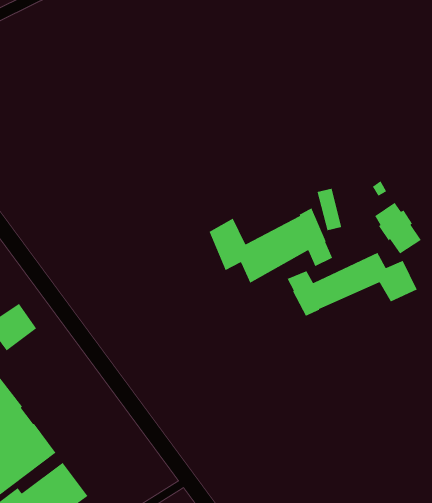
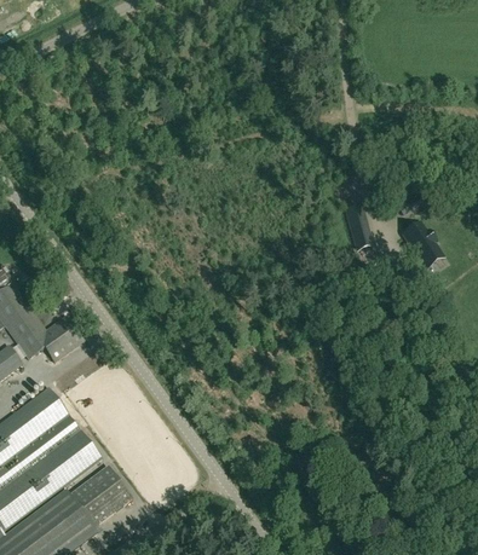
building: [209,207,333,284] -> none
building: [286,252,418,317] -> none

